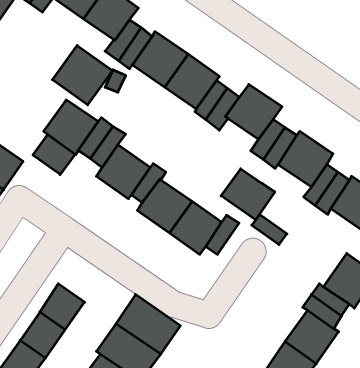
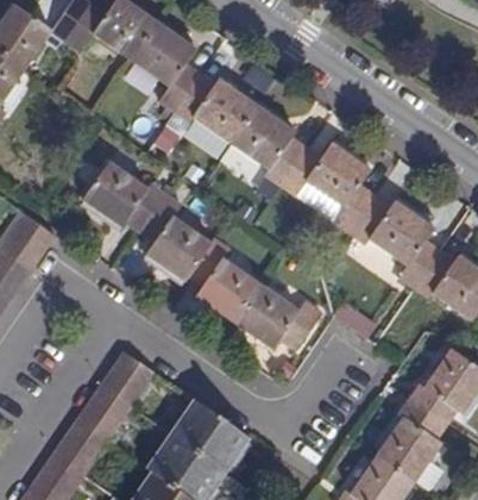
building: [52,45,113,105] -> none
building: [33,135,75,175] -> none
building: [221,169,275,220] -> none
building: none -> [100,350,156,407]

